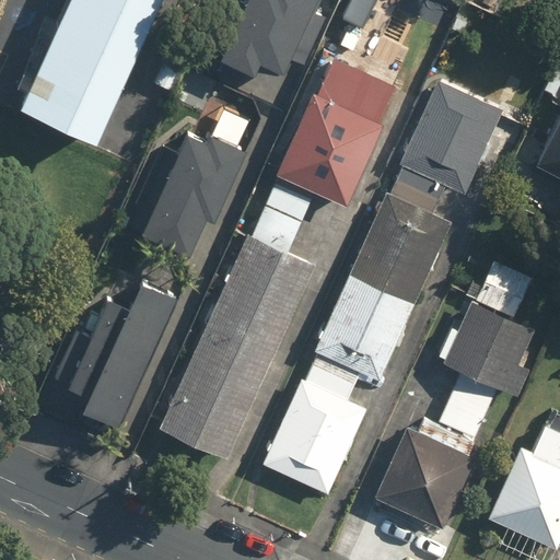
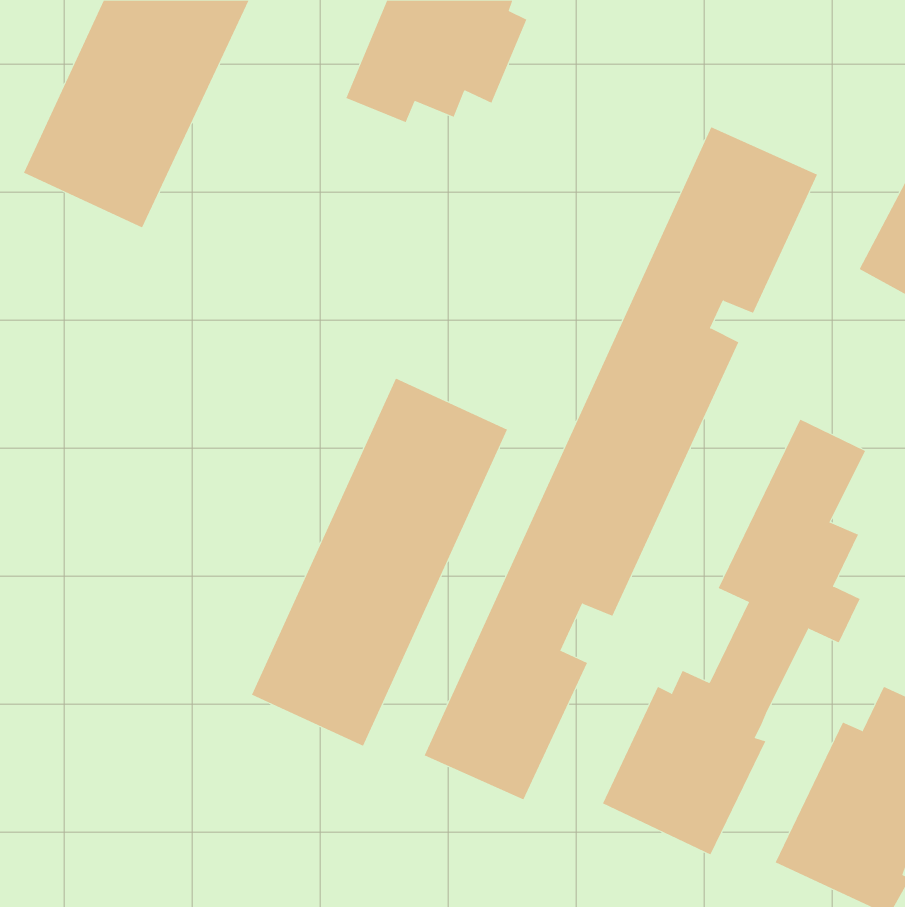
building: [268,56,396,218] -> none
building: [130,128,243,256] -> none
building: [61,279,174,424] -> none

